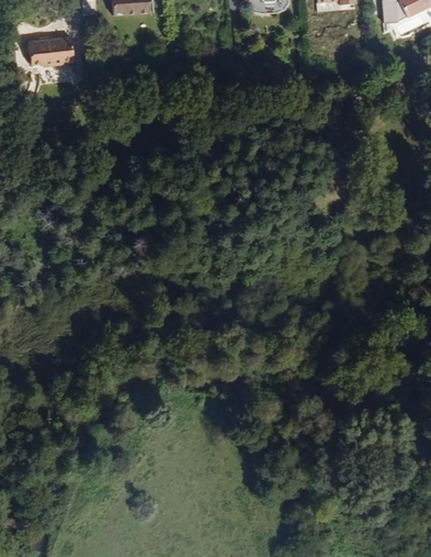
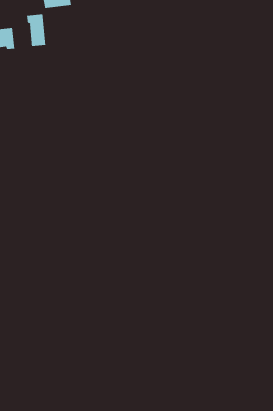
building: none -> [26,14,46,47]

